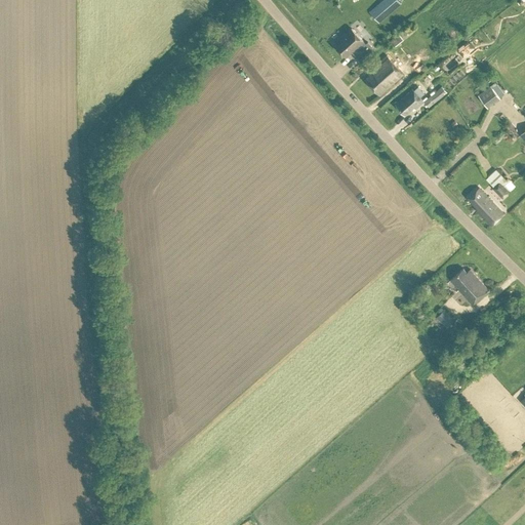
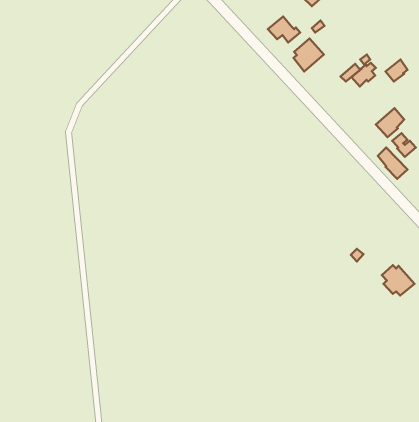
building: [394,87,423,116] -> [351,63,376,87]
building: none -> [376,108,404,137]
building: [448,269,488,306] -> [382,265,415,296]

